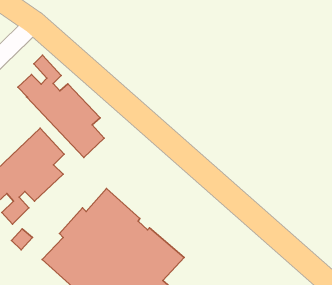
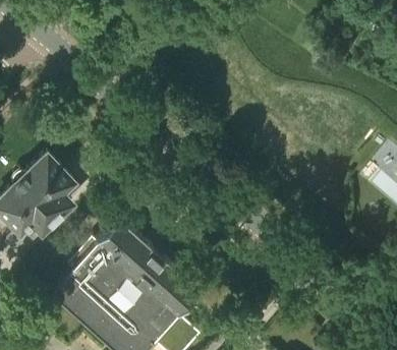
building: [18,55,104,158] -> none

